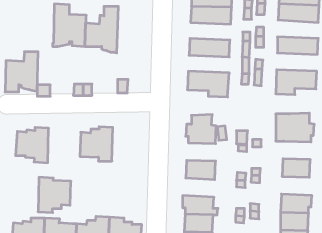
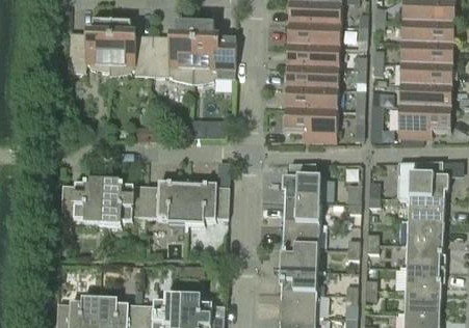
building: none -> [192,23,236,83]
building: none -> [400,40,453,64]
building: none -> [287,44,340,66]
building: [5,52,38,92] -> [69,20,111,72]
building: none -> [399,83,452,107]
building: none -> [285,86,338,109]
building: none -> [186,180,230,224]
building: none -> [408,197,444,221]
building: none -> [283,199,320,223]
building: none -> [406,243,445,268]
building: [38,177,71,213] -> [103,181,146,226]
building: none -> [278,245,319,270]

